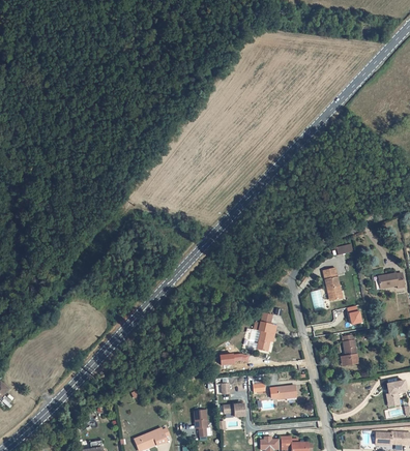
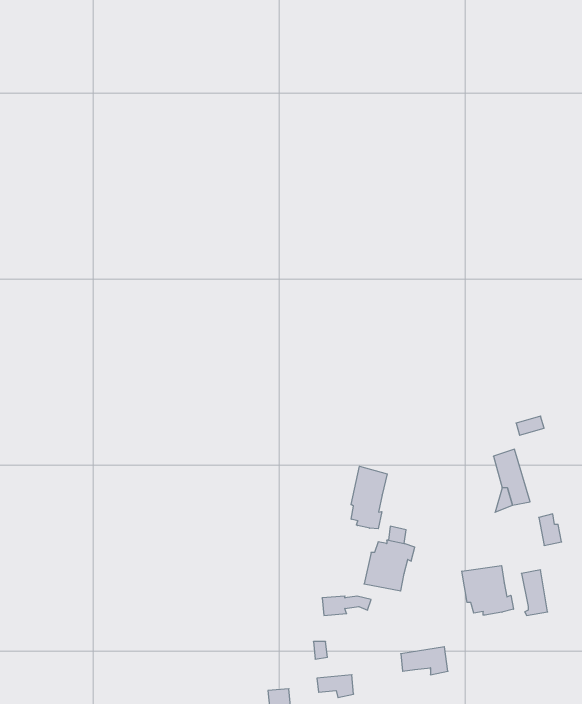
building: none -> [351,466,387,529]
building: none -> [462,566,513,615]

